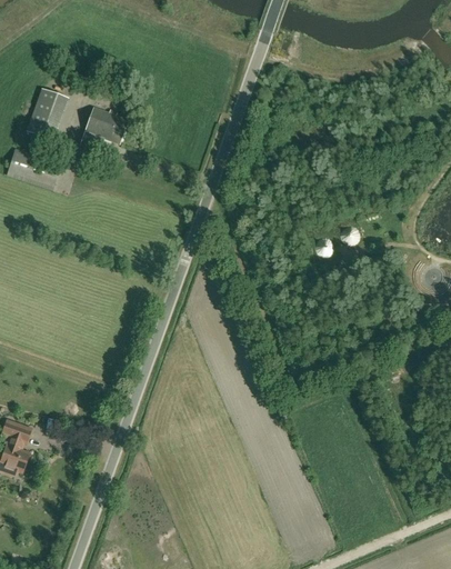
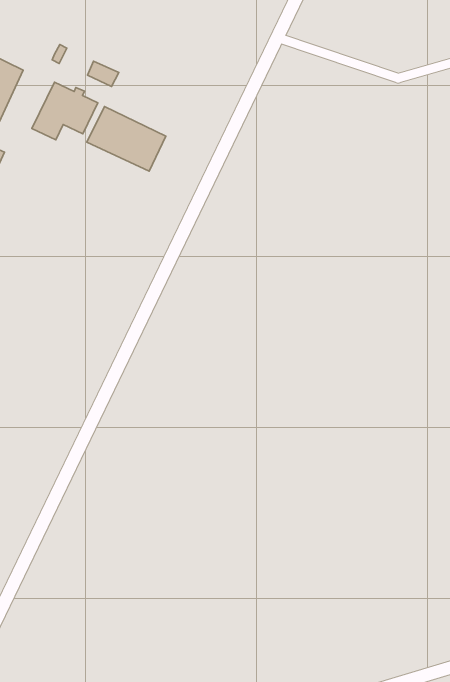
building: none -> [87,106,166,171]

